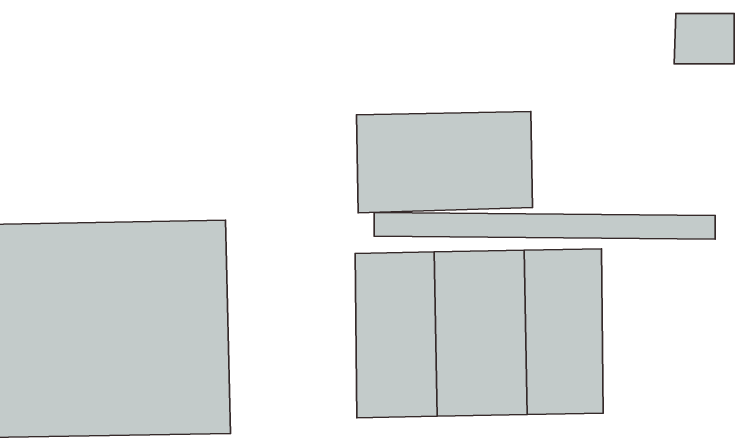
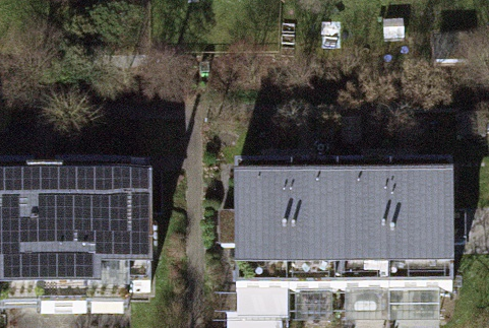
building: [356,112,532,213] -> none
building: none -> [391,180,449,286]

